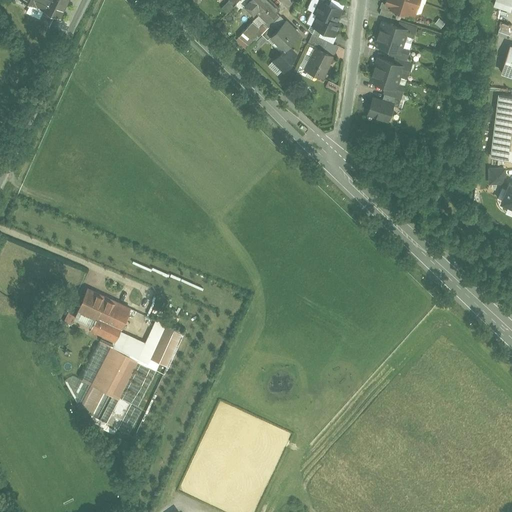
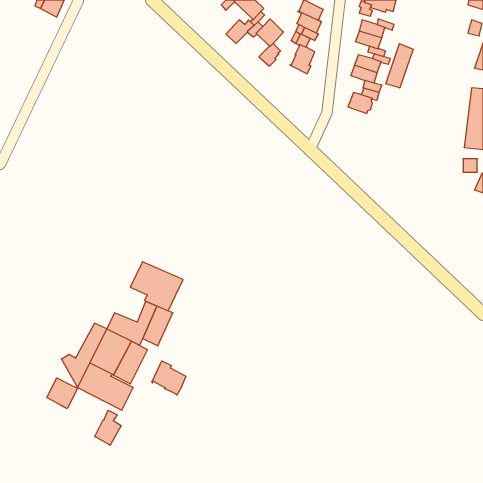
building: none -> [386,44,413,88]
building: [75,289,131,341] -> [130,262,183,311]
building: none -> [152,361,186,395]
building: none -> [47,378,77,408]
building: none -> [95,410,121,445]

